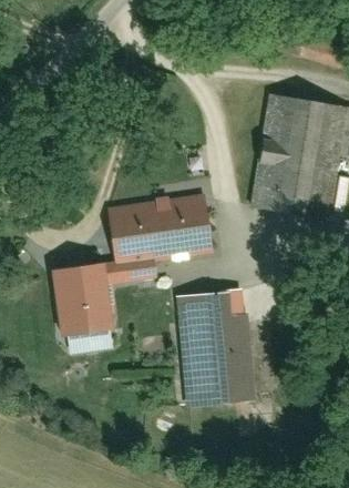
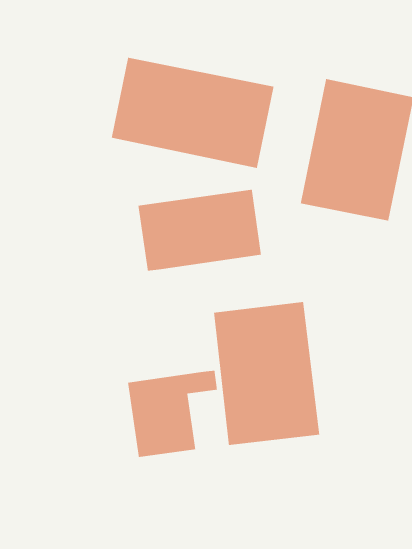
building: none -> [111,57,274,169]
building: [60,258,134,331] -> [127,370,218,458]

